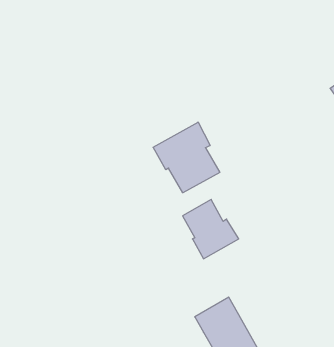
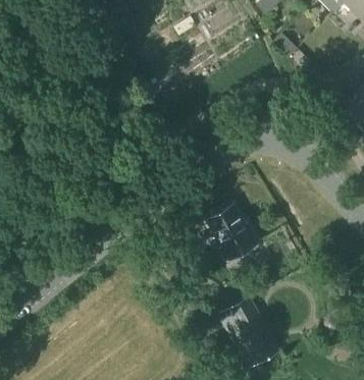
building: [153,122,220,193] -> none

